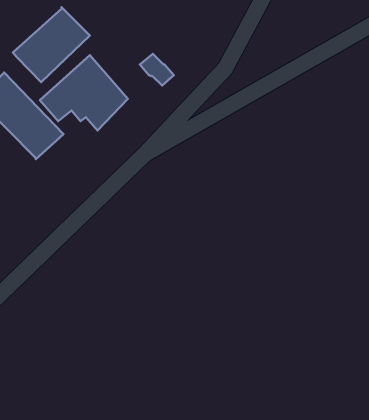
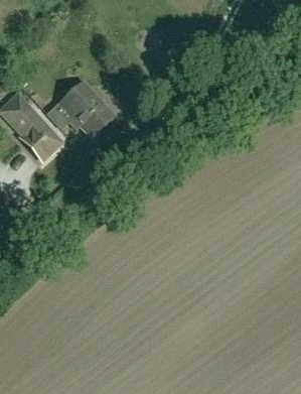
building: [13,7,90,82] -> none

